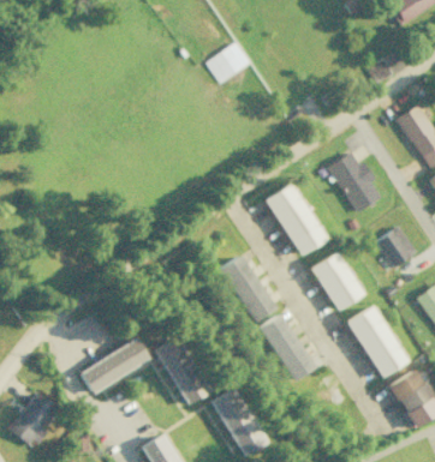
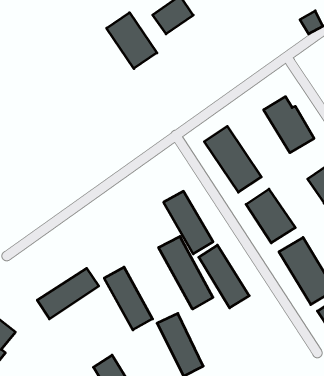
building: none -> [107,13,157,69]
building: none -> [159,236,213,309]

